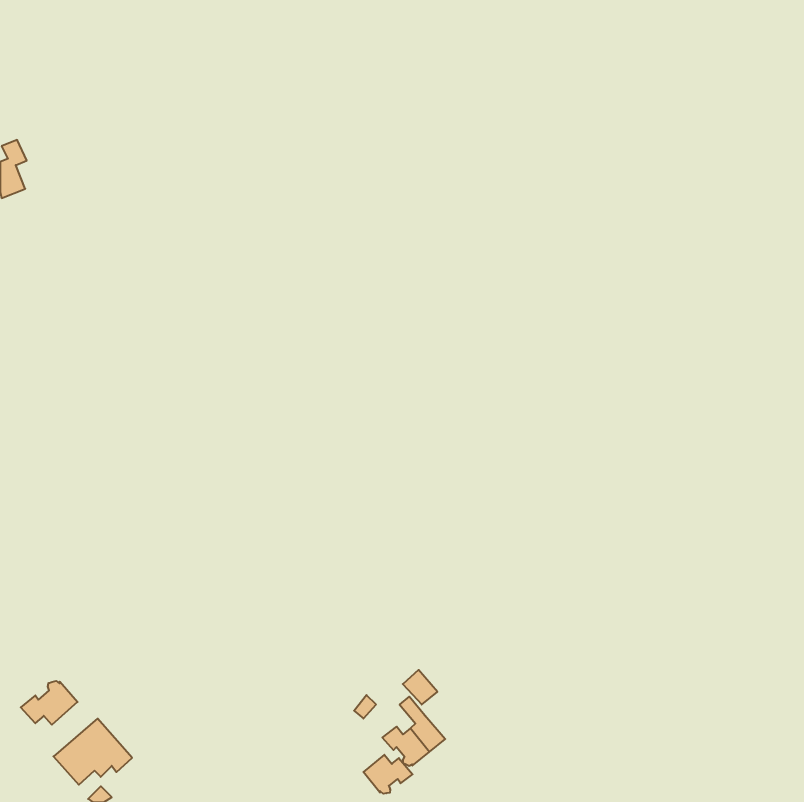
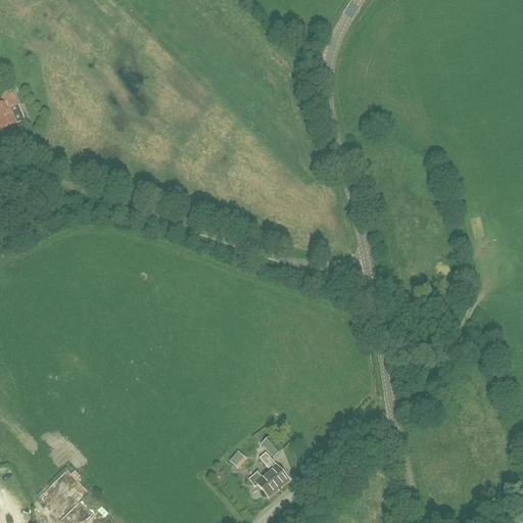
building: [21,681,78,725] -> none
building: [363,755,413,794] -> none

